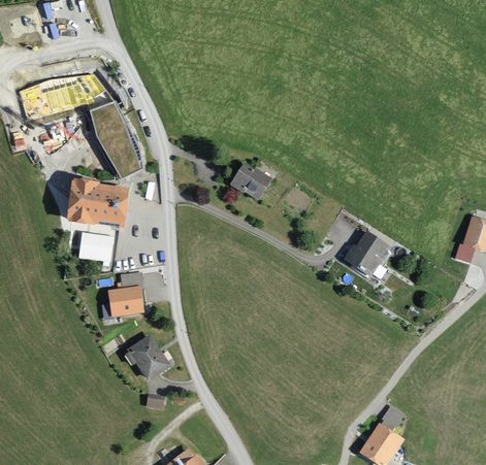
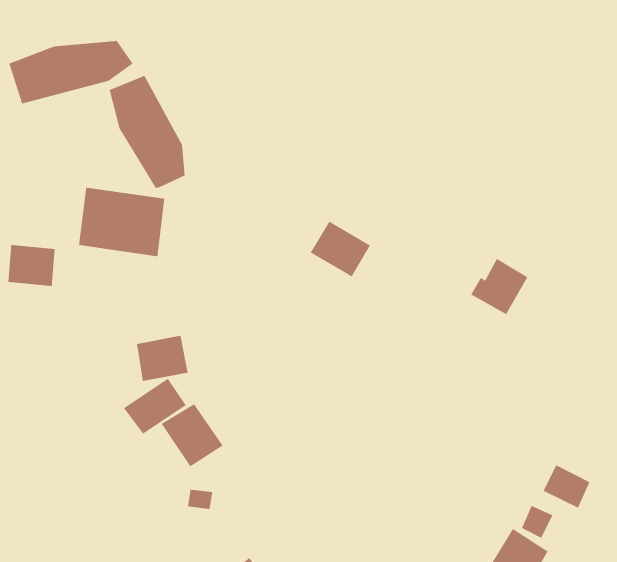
building: [229,161,272,201] -> [310,221,371,277]
building: [78,232,112,262] -> [8,245,56,287]
building: none -> [123,378,187,435]
building: none -> [543,465,590,509]

